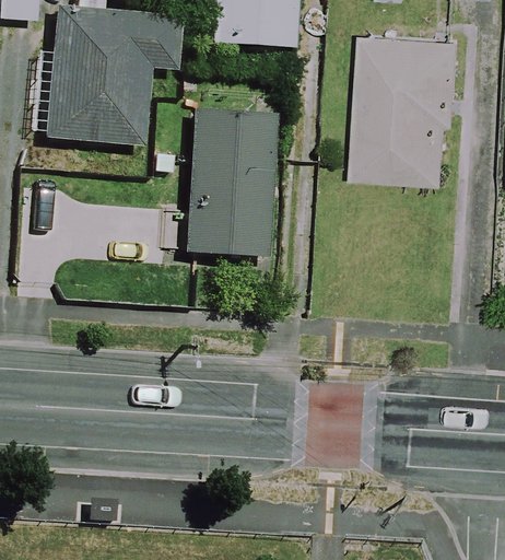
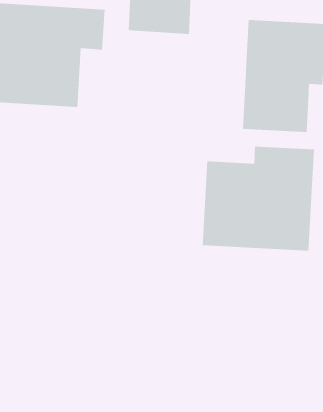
building: [187,108,275,256] -> none
building: none -> [202,146,314,251]

